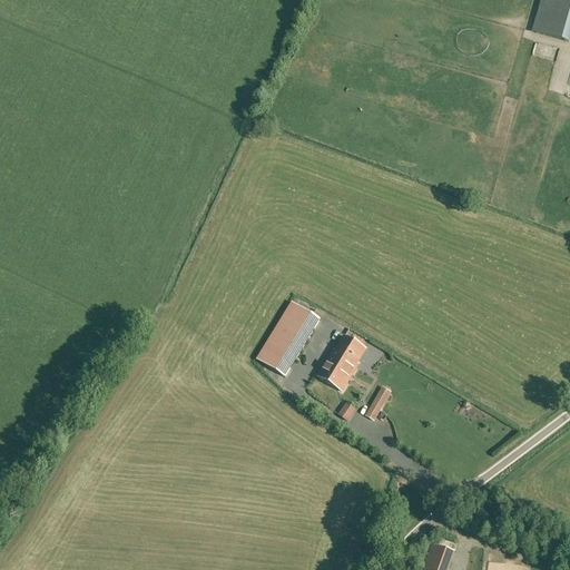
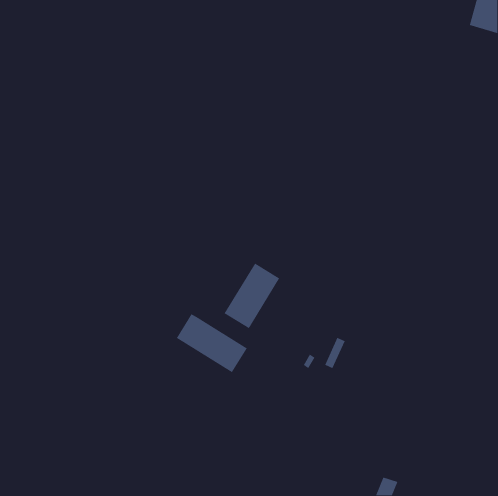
building: [317,334,365,390] -> none
building: none -> [176,313,248,373]

